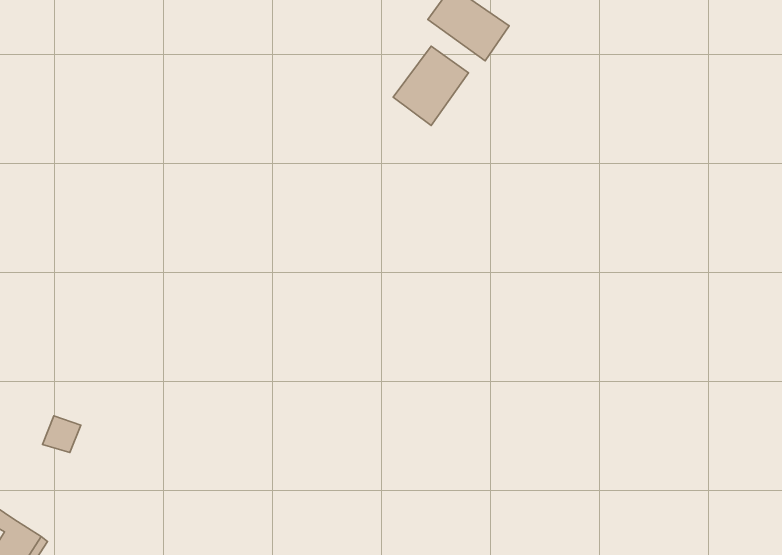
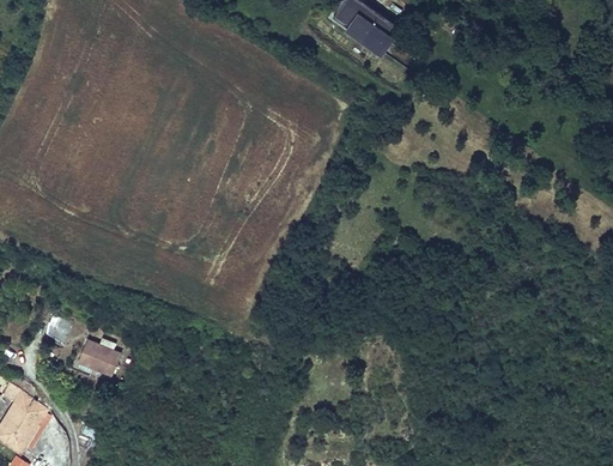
building: [393,46,468,125] -> none
building: none -> [78,340,120,376]

